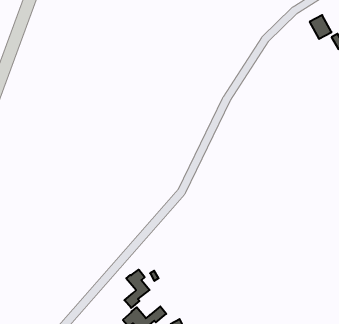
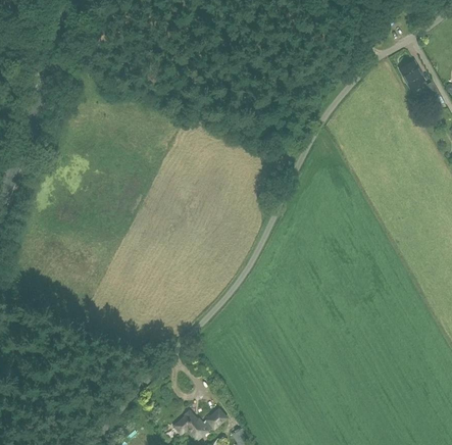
building: [124,270,150,308] -> none

